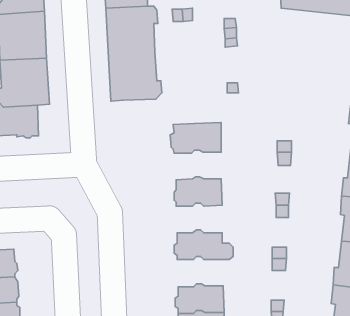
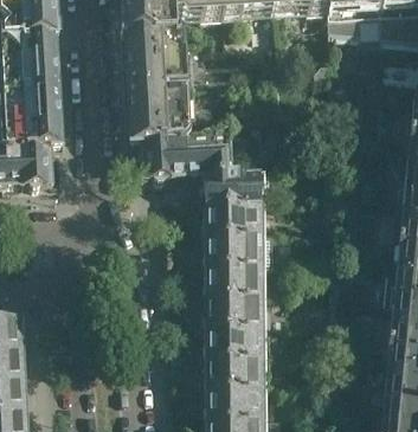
building: none -> [146,127,229,179]
building: none -> [204,199,259,233]
building: none -> [205,260,261,295]
building: none -> [206,322,262,357]

